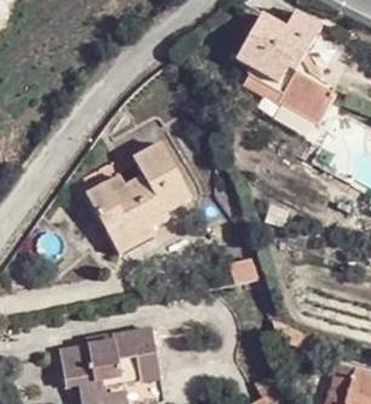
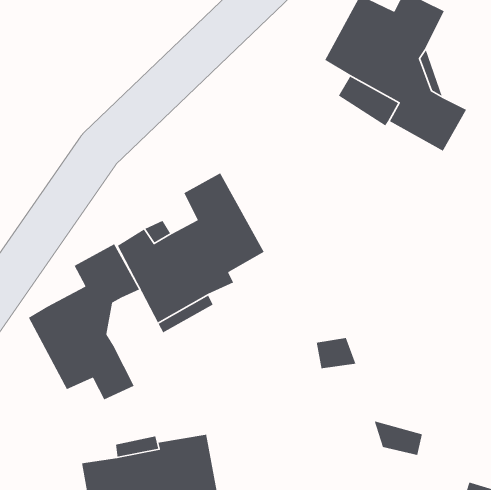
building: none -> [28,243,140,401]

